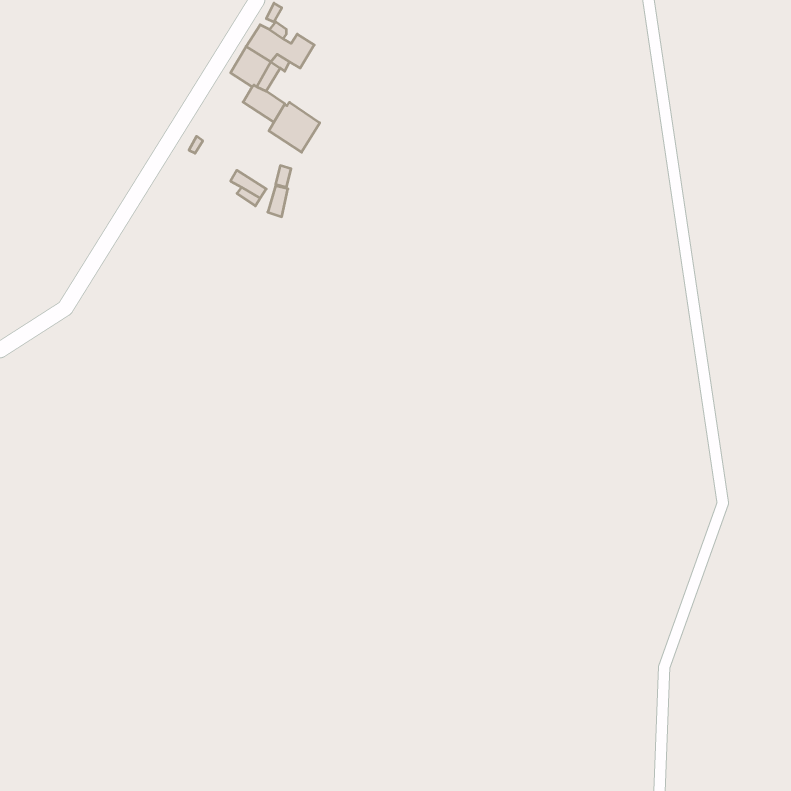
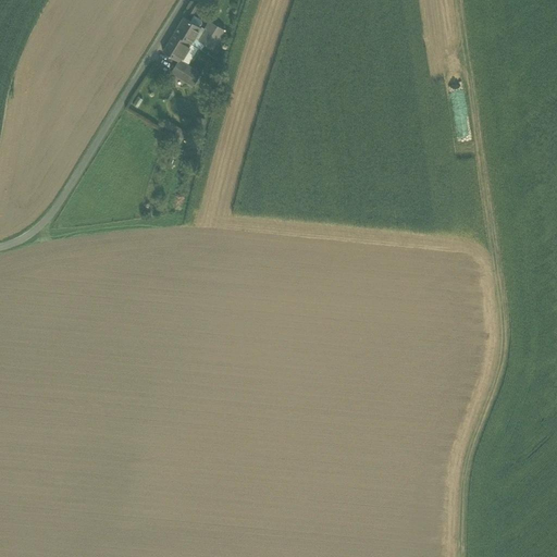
building: [269,102,320,152] -> none

